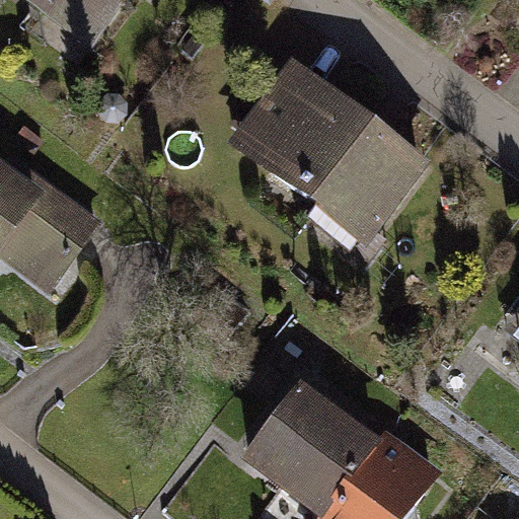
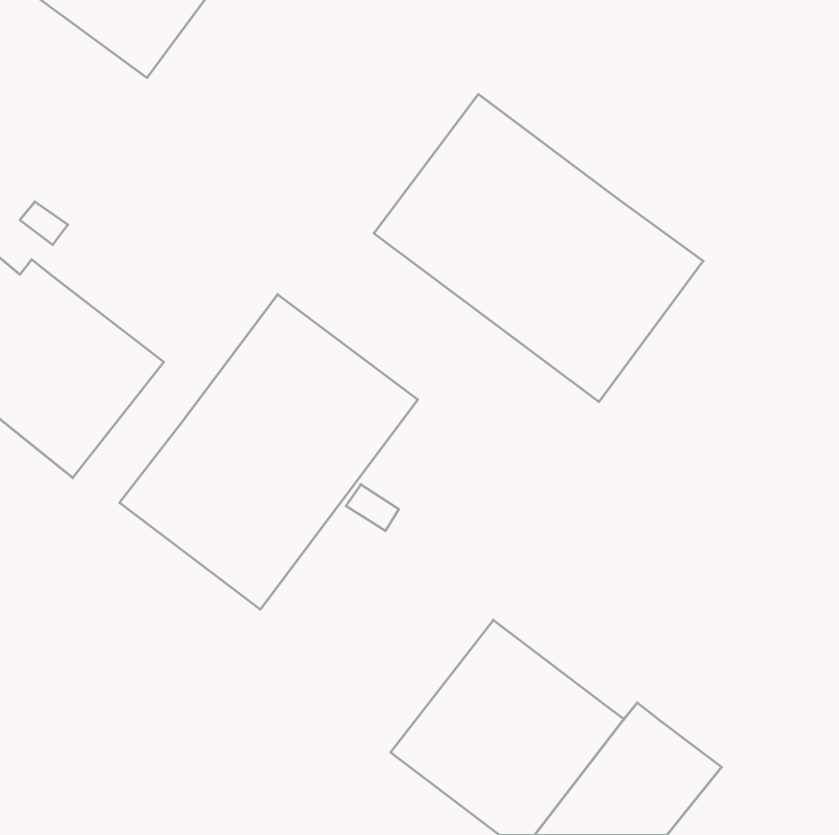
building: none -> [120,294,418,609]

